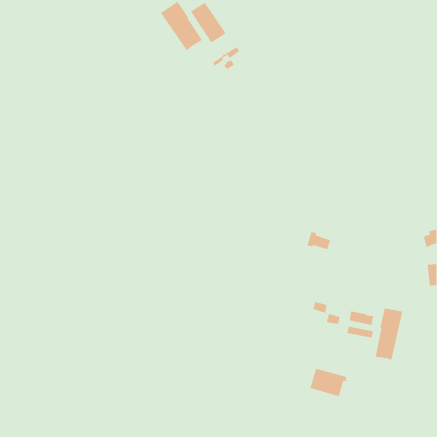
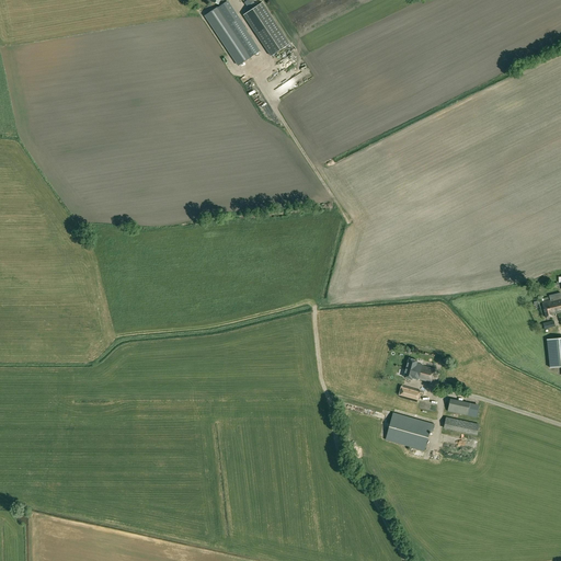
building: [306,231,331,250] -> [403,358,435,382]
building: [375,307,403,361] -> none
building: [310,368,347,397] -> [386,413,434,450]

